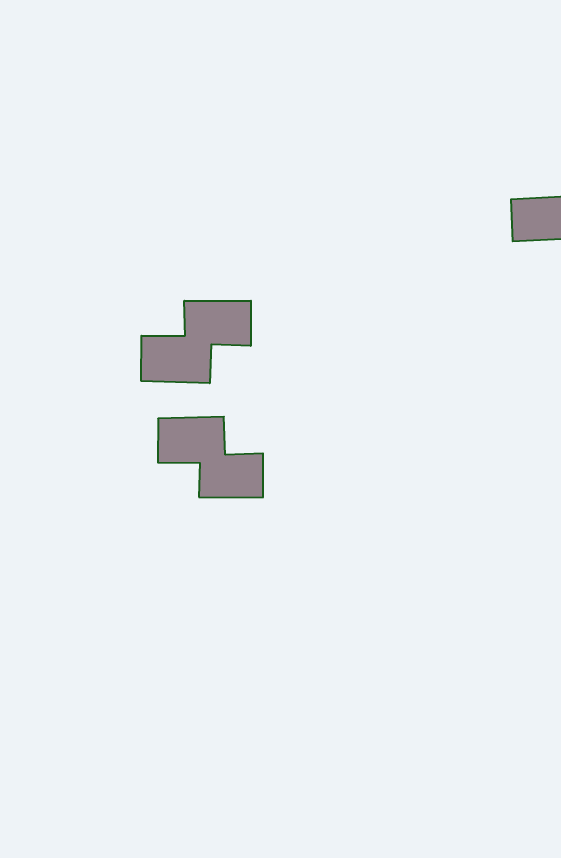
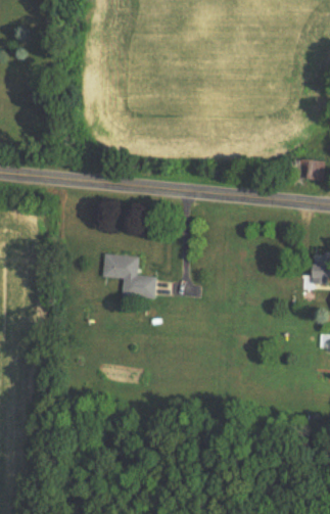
building: [141,301,251,383] -> none

